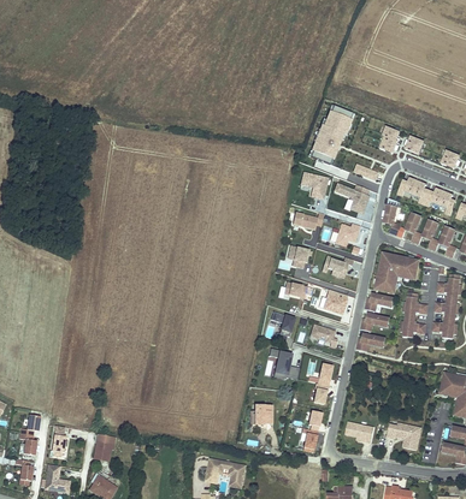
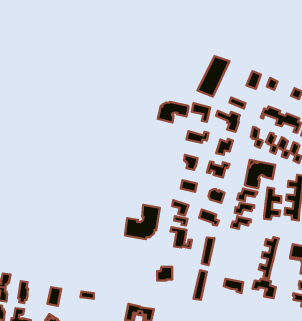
building: none -> [158,102,188,123]
building: none -> [125,205,160,239]
building: none -> [259,237,279,278]

